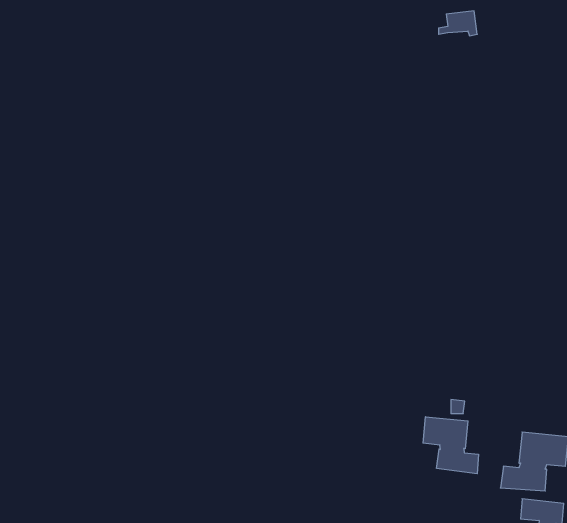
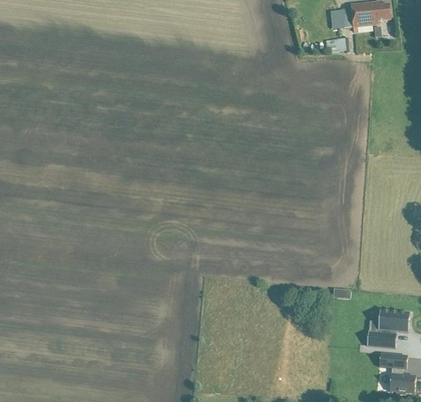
building: [423,417,478,474] -> none

